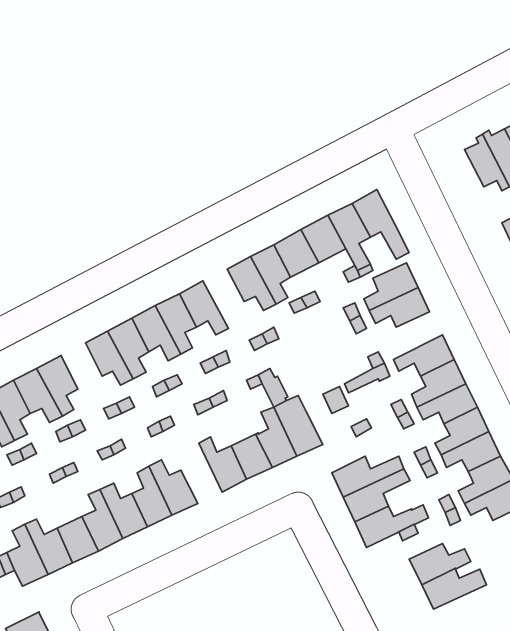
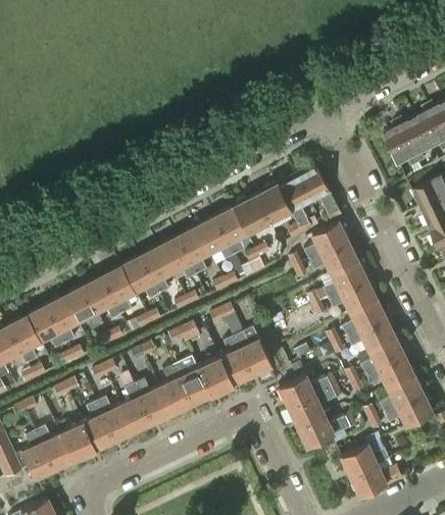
building: none -> [177,227,209,274]
building: none -> [323,261,366,299]
building: none -> [64,286,103,329]
building: none -> [159,365,192,413]

